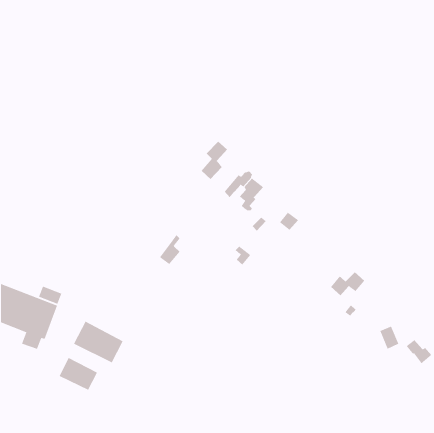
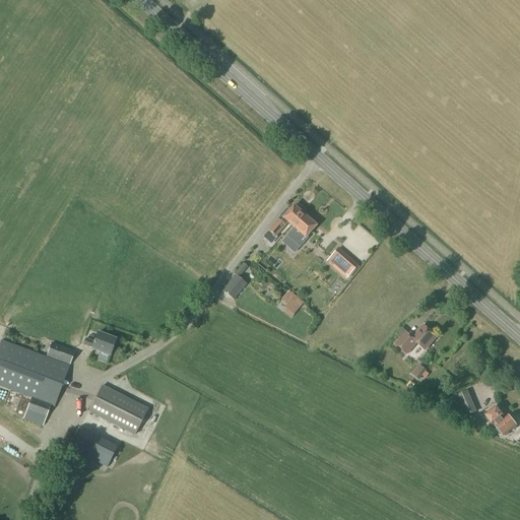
building: [201,141,228,180] -> none
building: [159,234,180,265] -> [221,262,247,299]
building: none -> [83,331,116,354]

